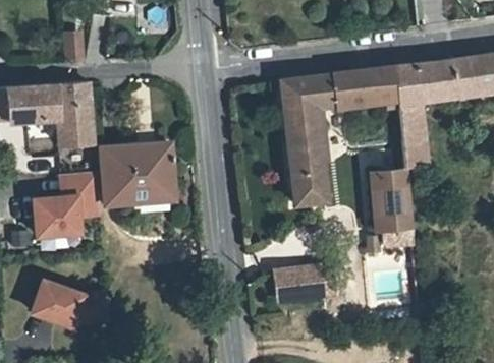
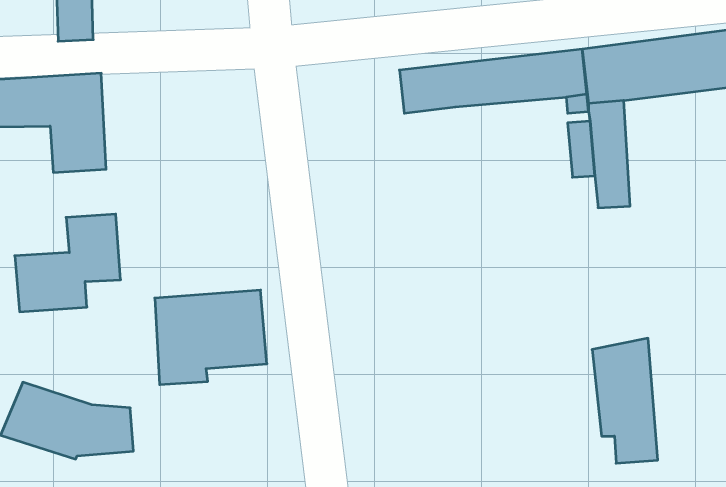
building: [283,104,326,202] -> none
building: [104,141,175,201] -> [155,290,267,385]
building: [371,168,413,247] -> [592,338,658,463]
building: [272,262,327,304] -> none

